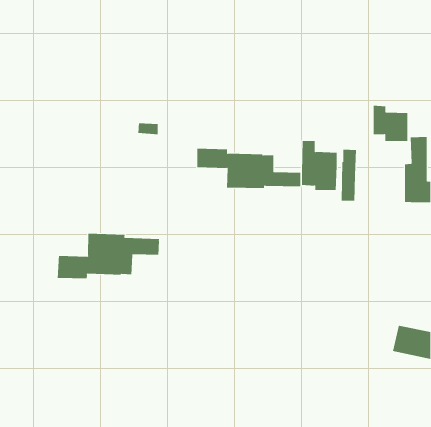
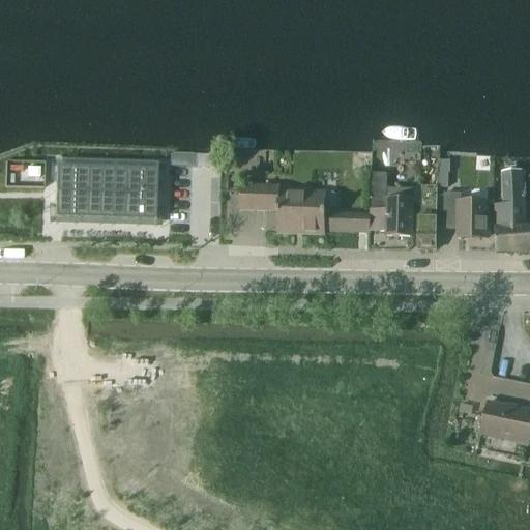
building: [373,105,408,141] -> [444,190,488,235]
building: none -> [55,166,156,218]
building: [57,233,160,279] -> none

